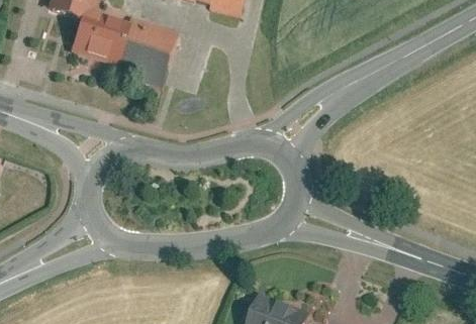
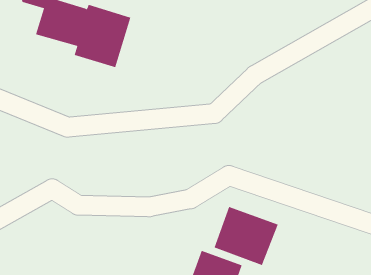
building: none -> [214,206,279,266]

